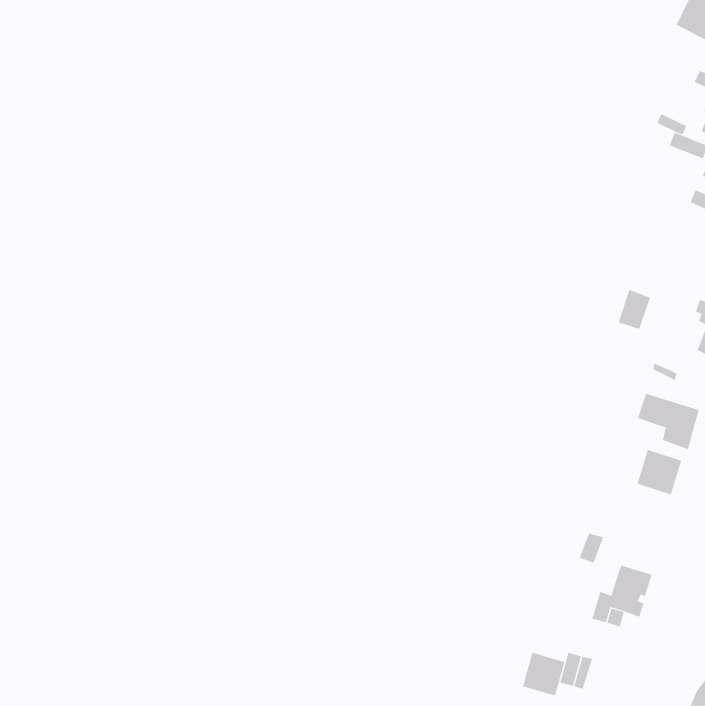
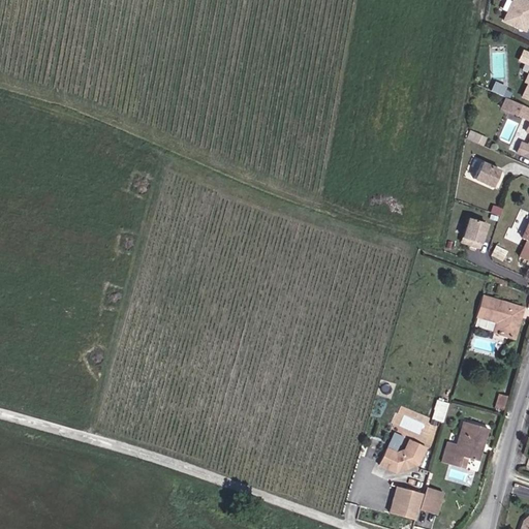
building: none -> [474,162,500,188]
building: [637,449,682,495] -> none
building: none -> [379,439,428,472]

